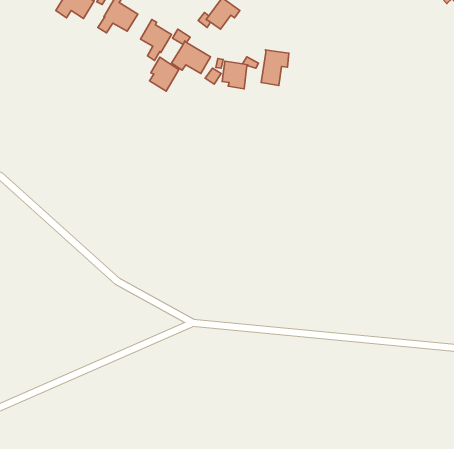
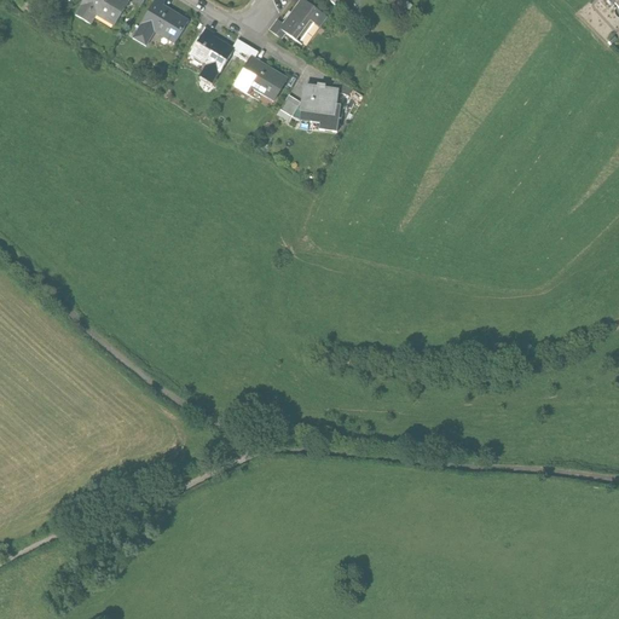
building: [261,50,289,86] -> none
building: [150,57,179,91] -> none

